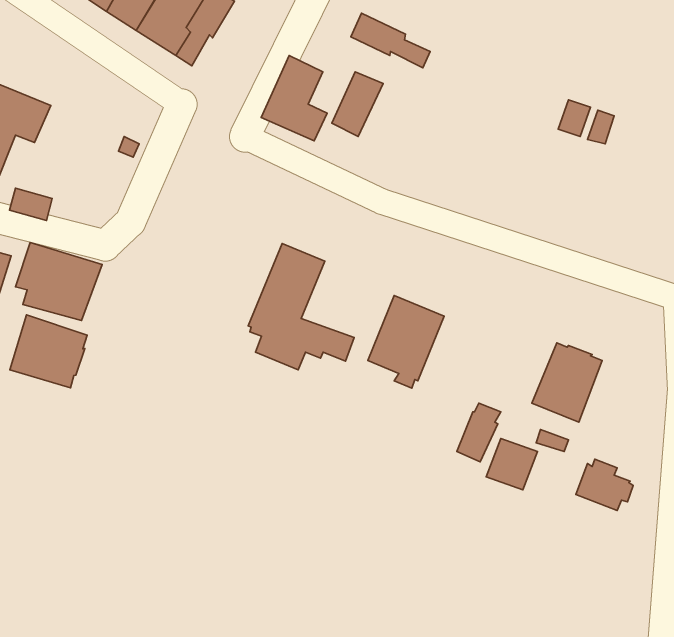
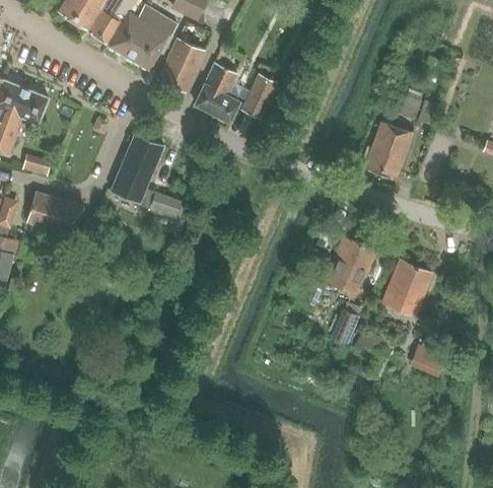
building: [351,13,430,68] -> none
building: none -> [158,39,204,91]
building: none -> [362,121,413,178]
building: [248,243,354,370] -> [111,136,184,223]
building: [368,296,444,388] -> [326,236,378,300]
building: [10,315,87,388] -> none

